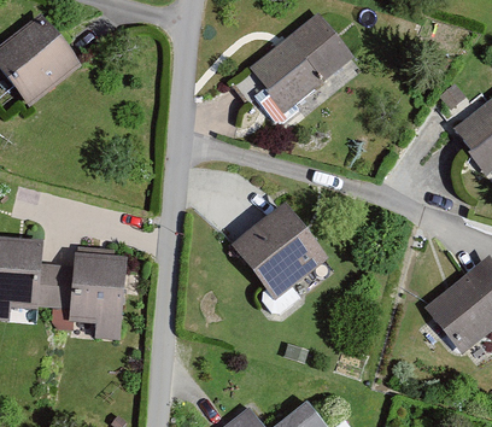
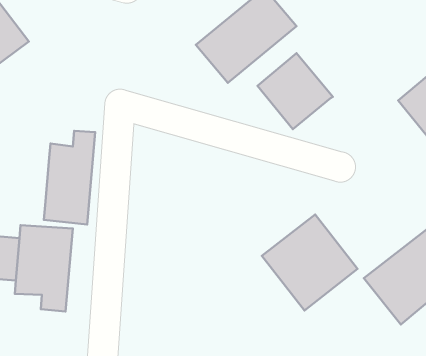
building: none -> [258,53,333,129]
building: none -> [44,131,95,224]
building: [230,201,328,299] -> [262,214,358,310]

